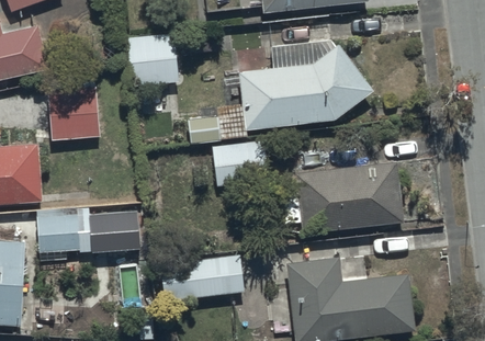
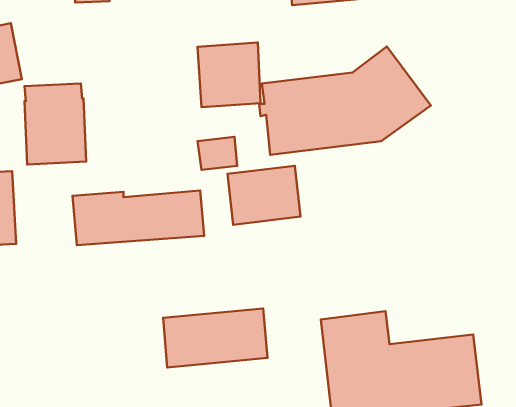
building: [126,34,177,86] -> [197,43,261,107]
building: [278,161,404,232] -> none
building: [37,206,143,250] -> [73,190,204,245]

